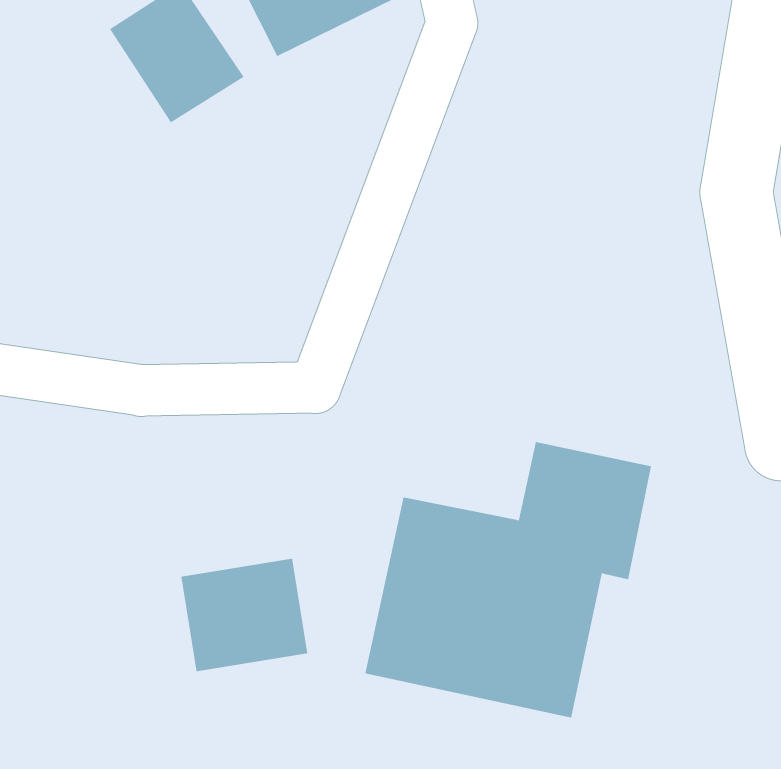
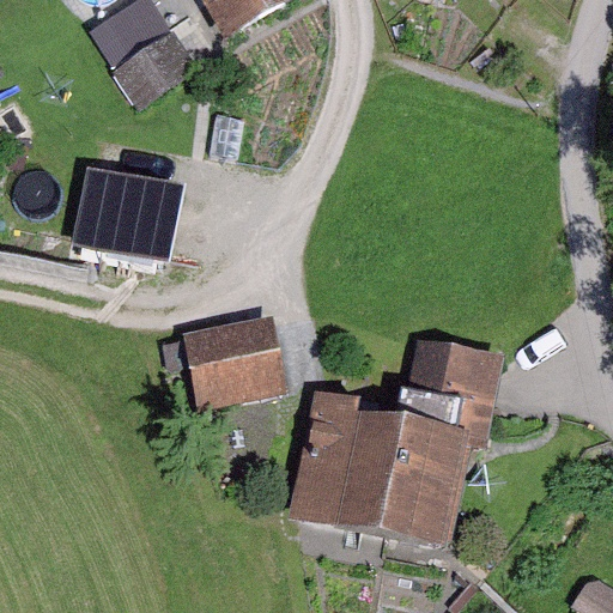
building: none -> [73,159,168,254]
building: [181,558,308,672] -> [186,318,285,407]

